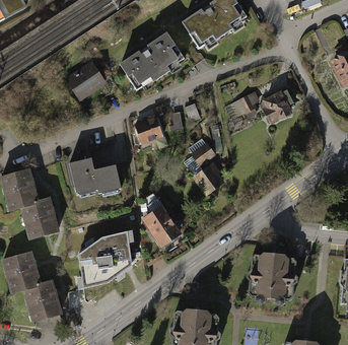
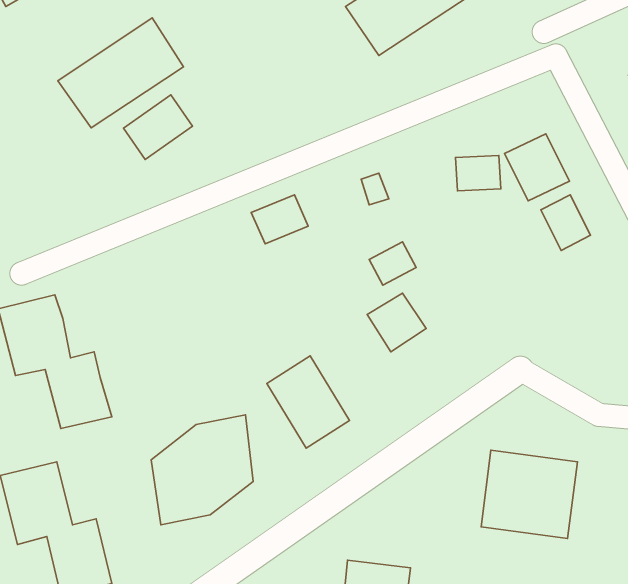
building: [118,34,183,91] -> [58,18,184,128]
building: none -> [541,195,590,250]
building: [67,157,121,197] -> none

